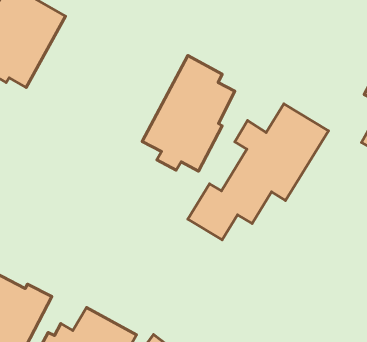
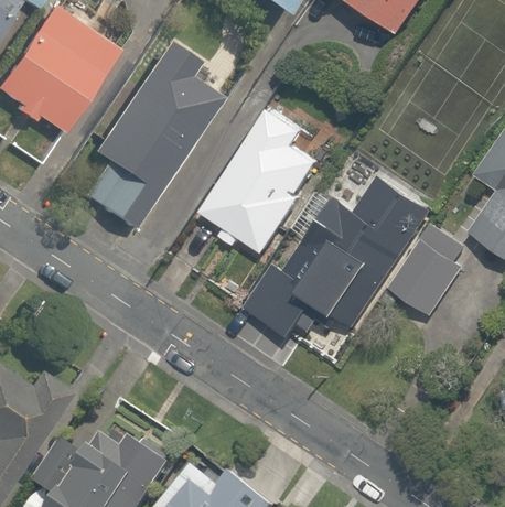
building: none -> [74,41,217,230]
building: none -> [387,227,465,317]

